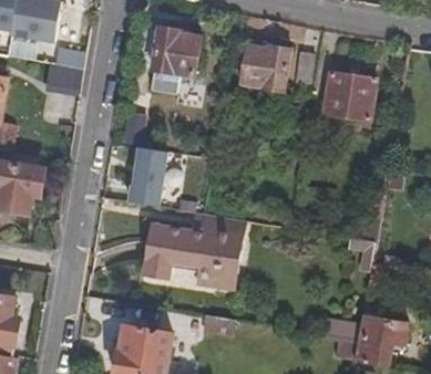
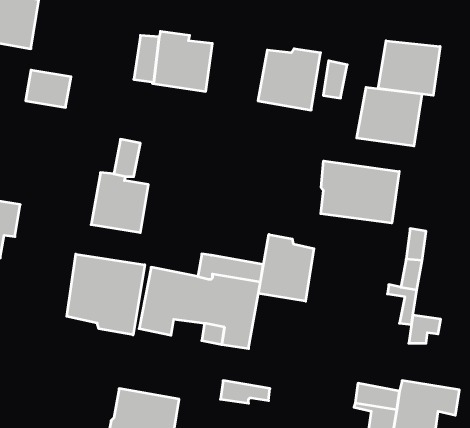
building: none -> [378,41,440,95]
building: none -> [321,161,399,223]
building: none -> [258,234,314,301]
building: none -> [67,254,145,335]

